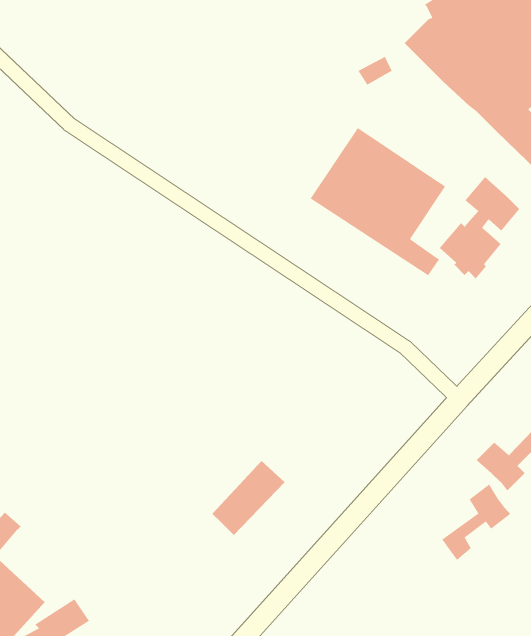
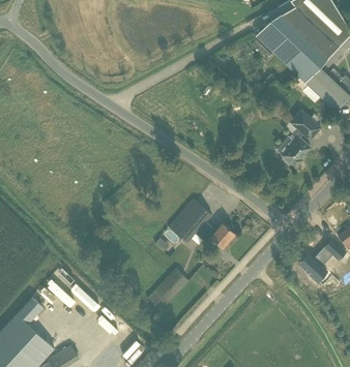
building: [310,127,446,276] -> none
building: none -> [169,197,235,247]
building: [441,484,511,561] -> none

